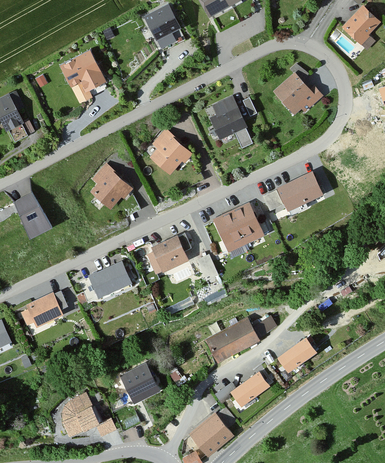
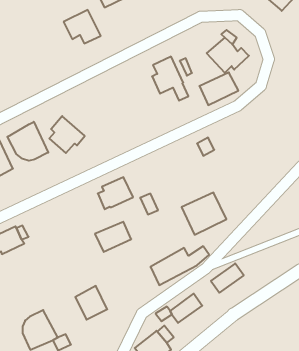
building: [61,52,104,91] -> [64,10,101,43]
building: [150,132,192,175] -> none
building: [277,172,322,210] -> [199,72,238,105]
building: none -> [7,122,48,161]
building: [210,202,262,251] -> [182,193,226,235]
building: [88,263,130,298] -> [95,222,131,252]

